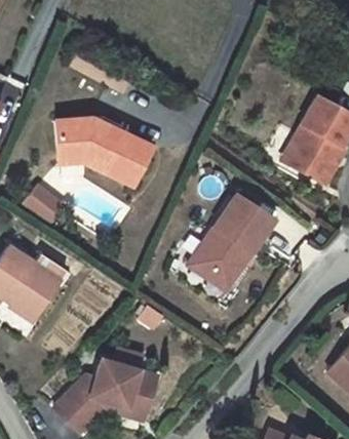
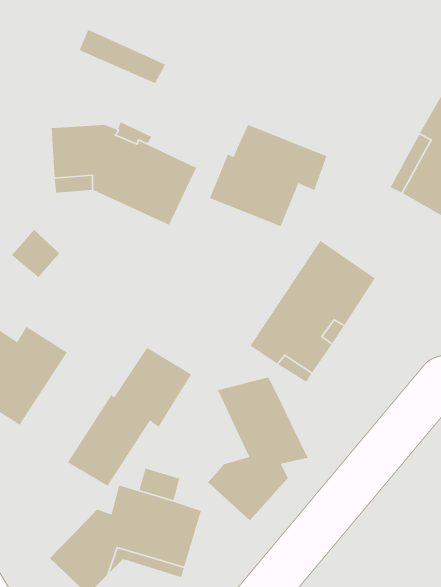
building: none -> [209,124,328,227]
building: none -> [67,347,192,487]
building: none -> [207,377,309,521]

